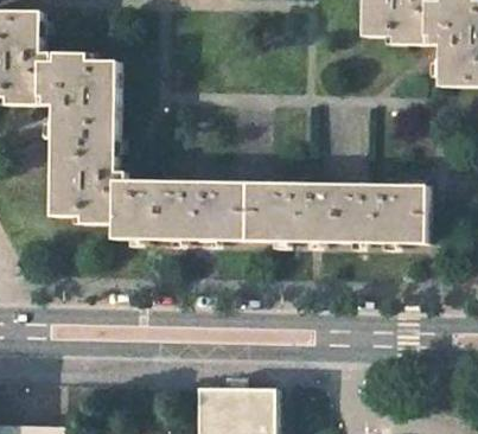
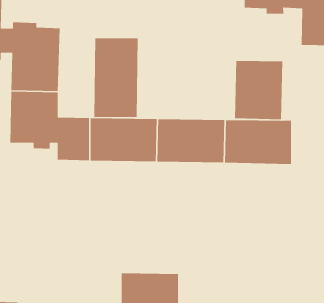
building: none -> [93,37,138,118]
building: none -> [234,60,283,120]

